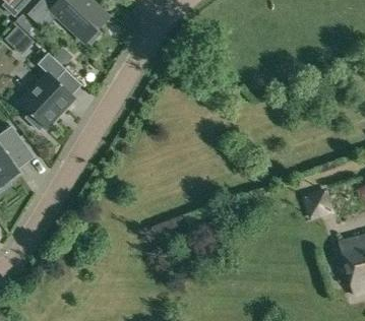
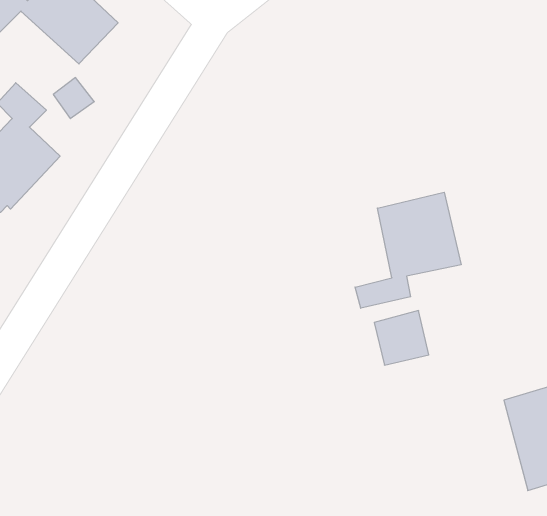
building: none -> [355,192,461,308]
building: [302,187,334,219] -> [374,311,429,365]

